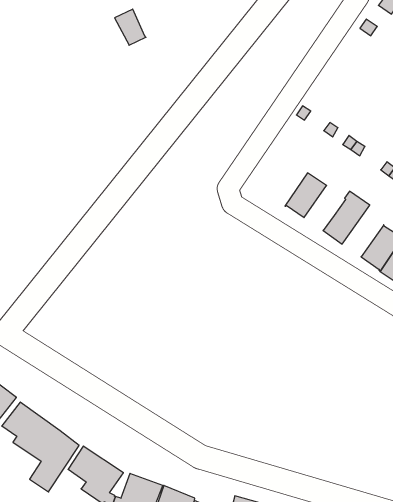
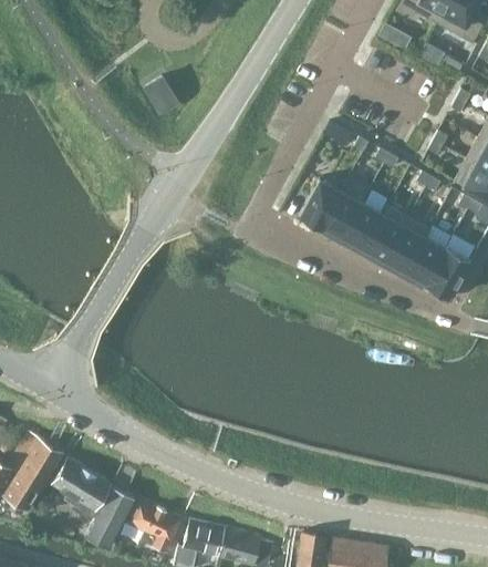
building: [115,9,146,45] -> [144,78,178,115]
building: none -> [300,181,342,229]
building: none -> [343,204,384,250]
building: none -> [385,219,430,274]

